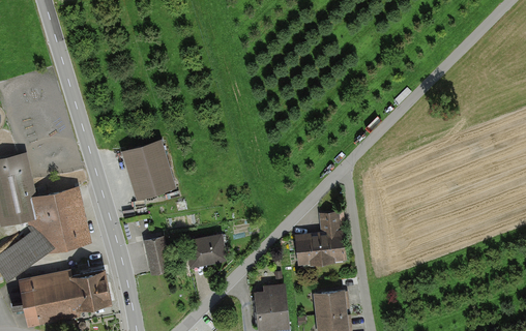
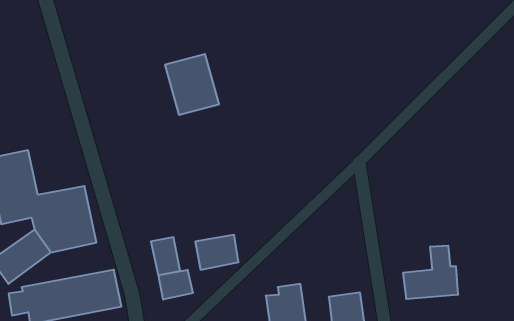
building: [121,140,173,198] -> [165,54,219,115]
building: [296,213,349,264] -> [403,246,458,299]
building: none -> [159,270,193,300]

